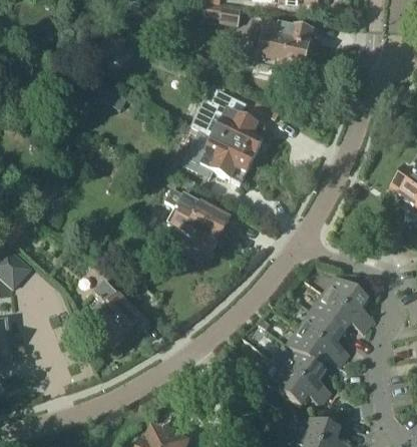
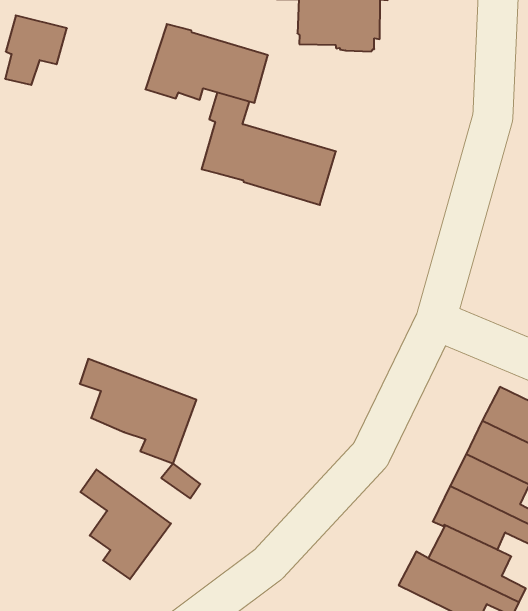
building: [183,128,255,180] -> [145,24,268,103]
building: [167,184,231,251] -> [80,359,196,463]

